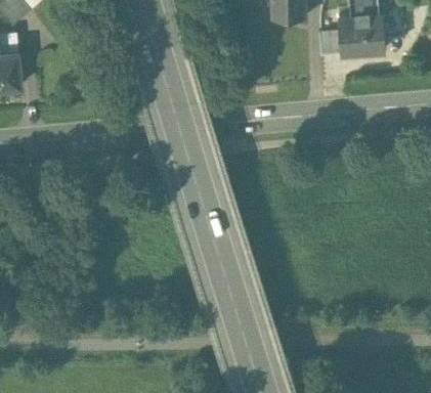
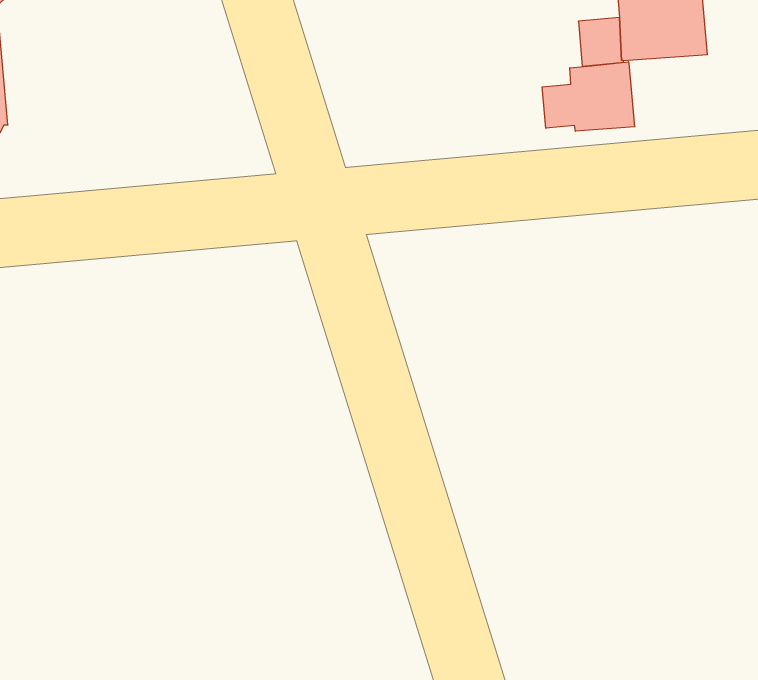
building: none -> [542,62,635,131]

